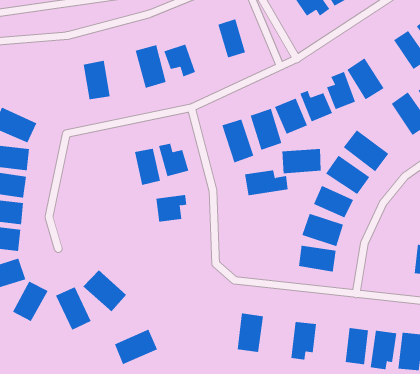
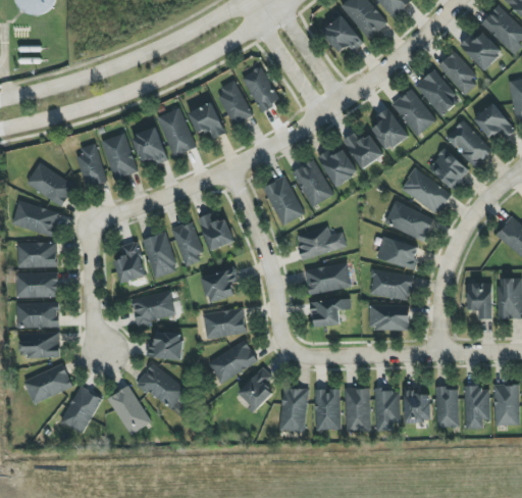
building: none -> [220,80,251,124]
building: none -> [415,69,460,116]
building: none -> [133,128,166,164]
building: none -> [75,143,107,188]
building: none -> [25,162,75,206]
building: none -> [428,149,469,189]
building: [281,149,321,174] -> [304,261,351,295]
building: none -> [142,232,177,278]
building: none -> [113,241,147,284]
building: none -> [132,292,175,323]
building: none -> [202,307,247,339]
building: none -> [311,299,351,327]
building: none -> [467,283,492,319]
building: none -> [151,332,182,358]
building: none -> [237,365,272,410]
building: none -> [280,387,306,432]
building: none -> [344,388,370,431]
building: none -> [404,392,431,422]
building: [114,329,158,365] -> [208,340,257,384]

